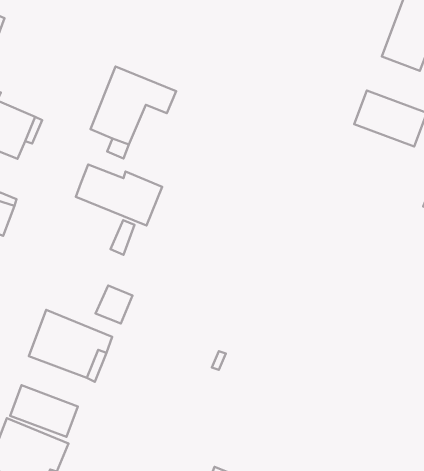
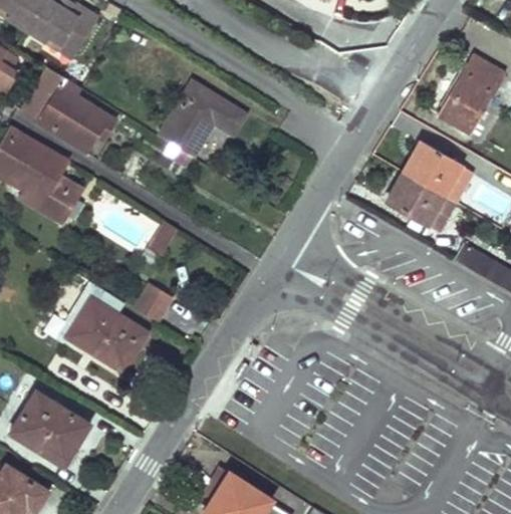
building: none -> [389,173,456,230]
building: [76,165,162,226] -> none
building: [10,385,78,437] -> none

